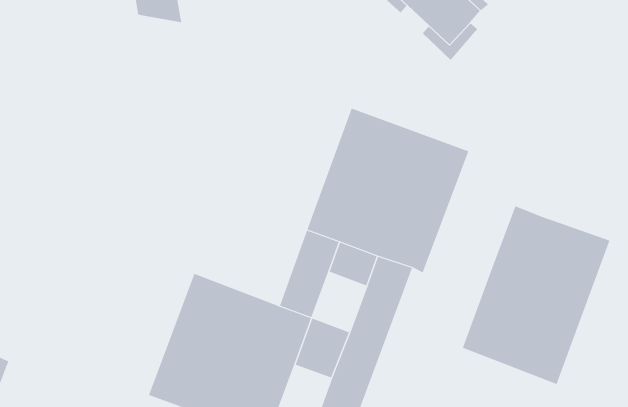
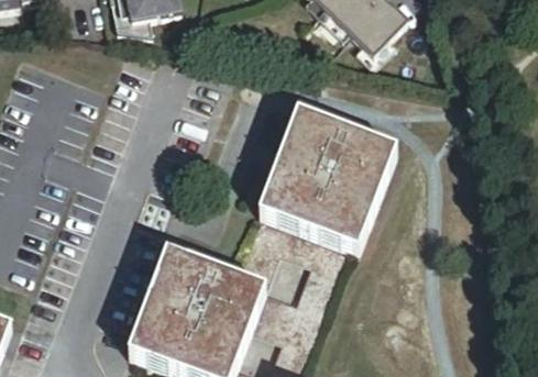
building: [462,206,610,385] -> none

